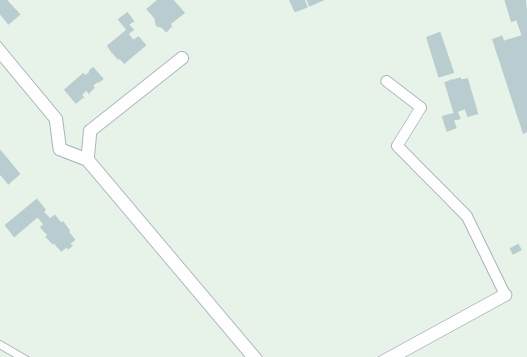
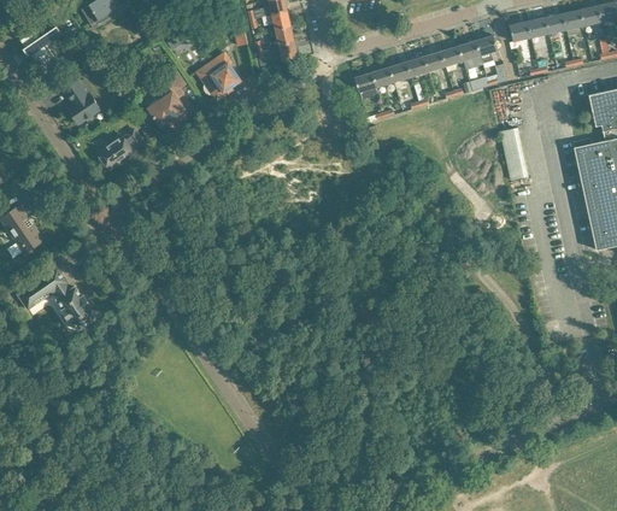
building: none -> [64,81,101,124]
building: [441,77,479,133] -> none

